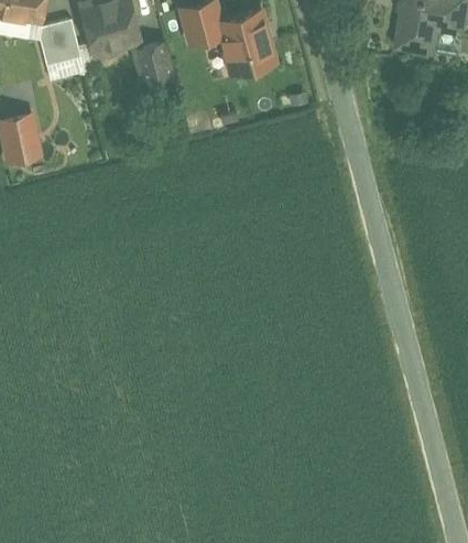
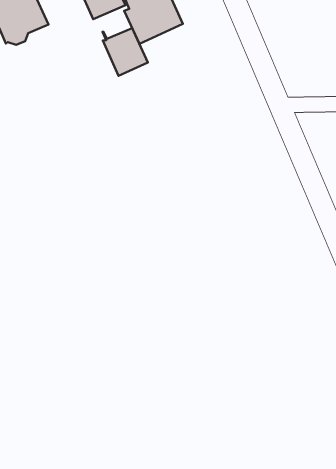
building: [133,39,175,86] -> [103,28,148,76]

